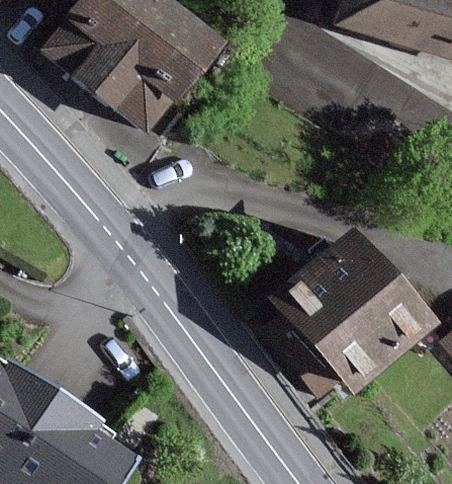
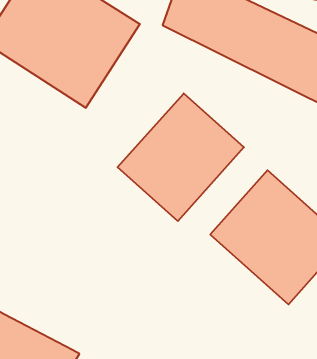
building: none -> [118,93,244,221]

